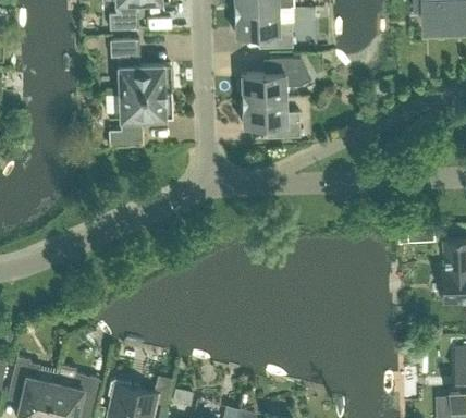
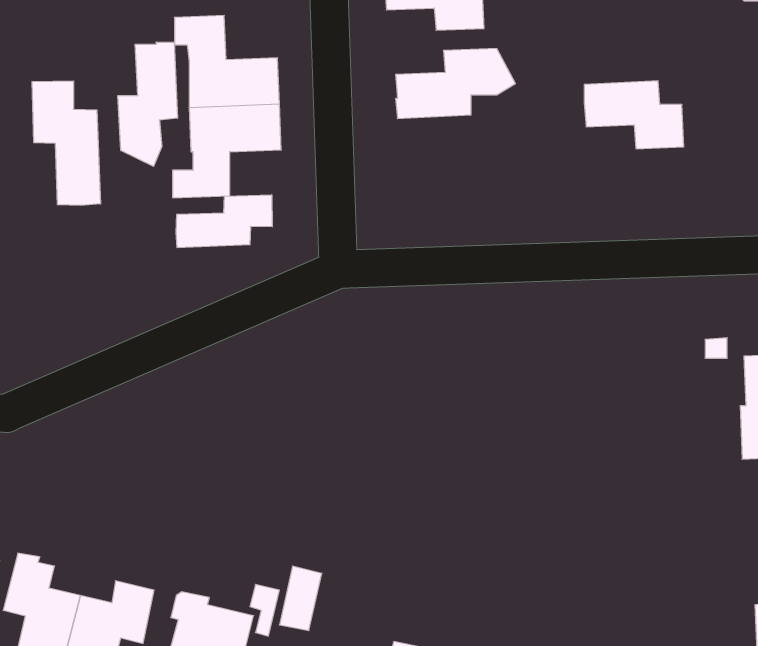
building: none -> [118,42,177,166]
building: none -> [32,81,101,205]
building: [241,98,299,138] -> [584,81,684,149]
building: none -> [176,195,272,248]

